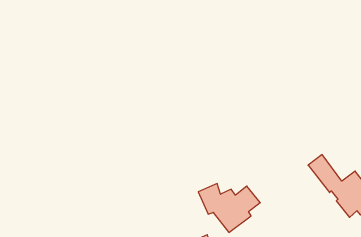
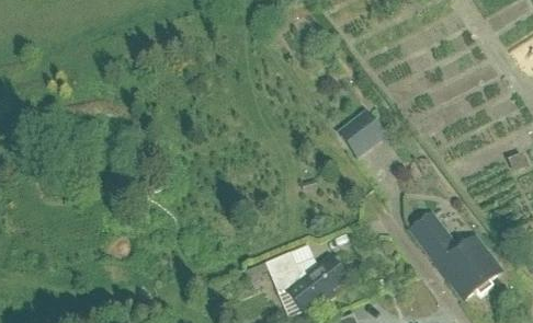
building: none -> [337,107,386,157]

